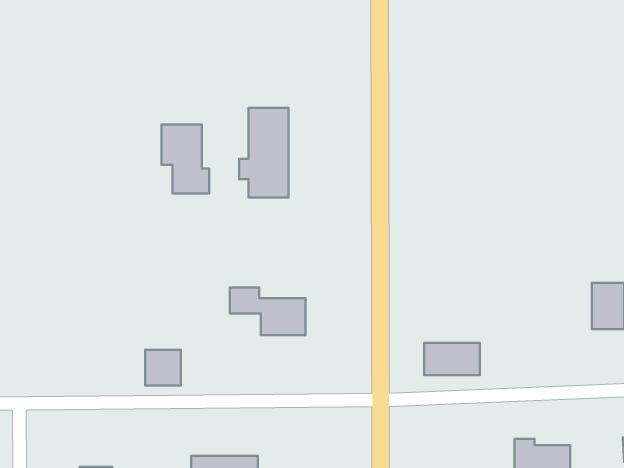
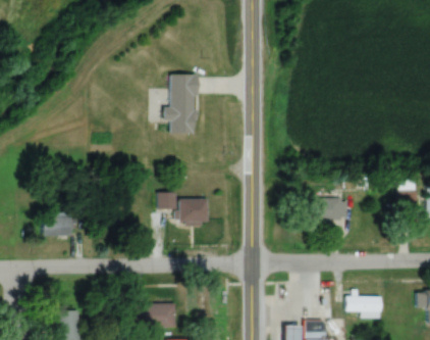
building: [161,124,209,193] -> none
building: [424,343,480,375] -> [308,198,344,220]
building: [145,350,181,385] -> [47,212,70,236]

